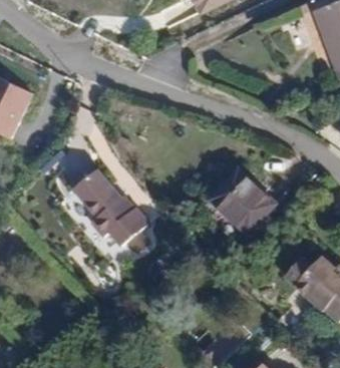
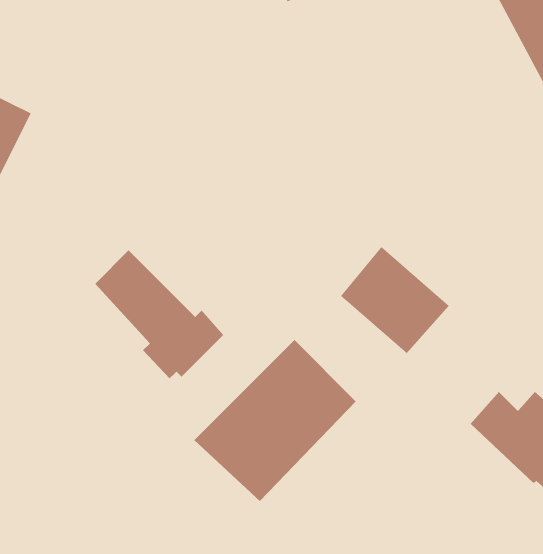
building: none -> [194,339,357,502]

